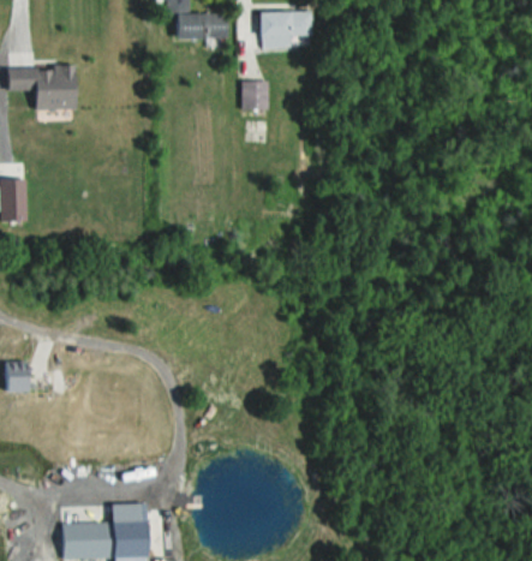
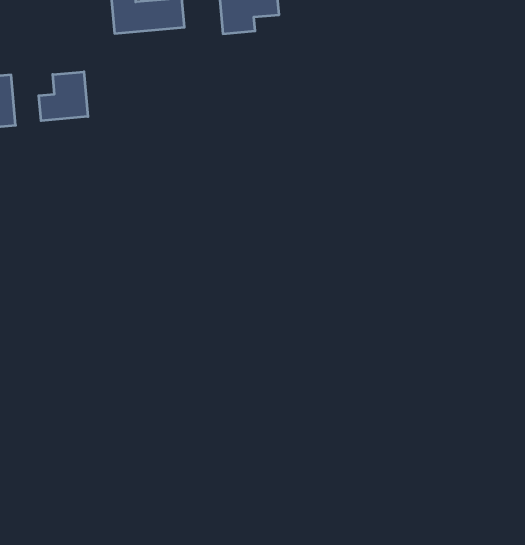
building: none -> [39,72,88,121]
building: [241,80,268,108] -> none

